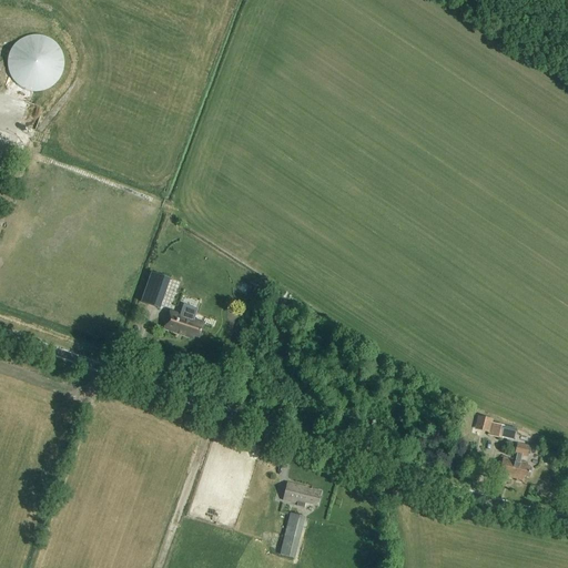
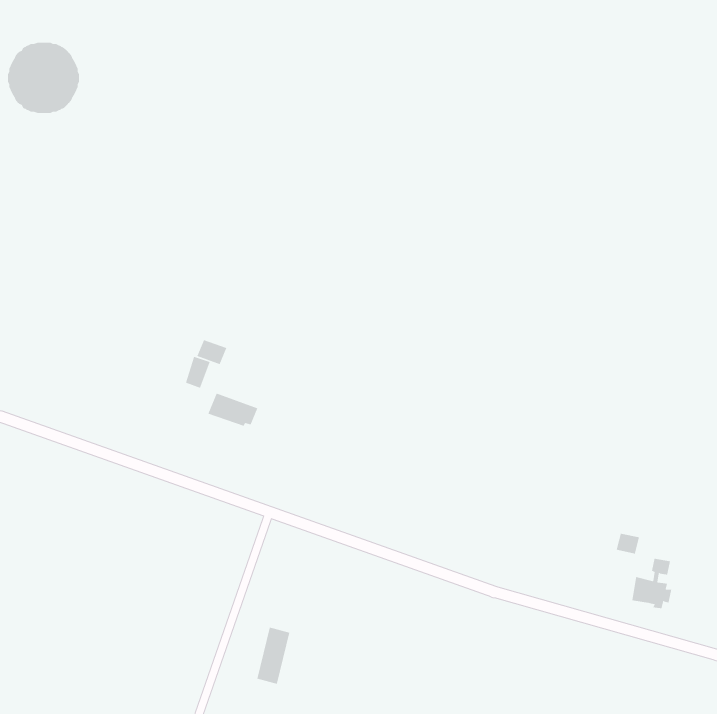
building: [283,483,322,505] -> none
building: [280,511,306,557] -> [257,627,290,684]

